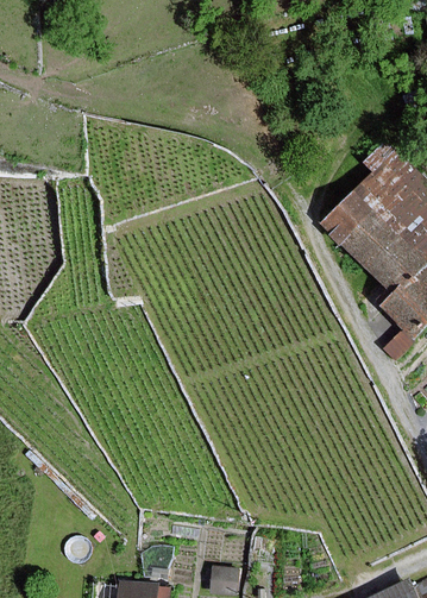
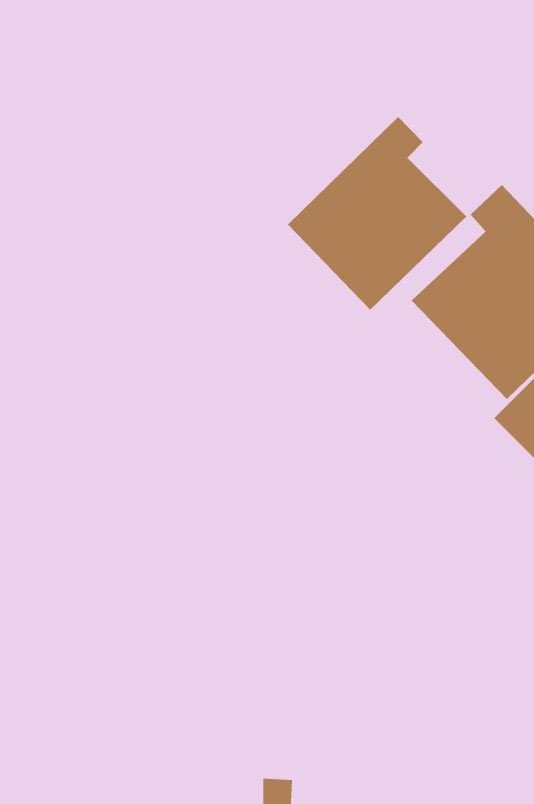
building: none -> [287,116,467,310]

